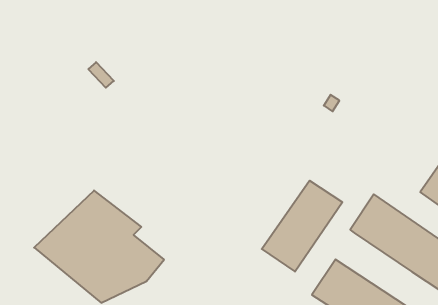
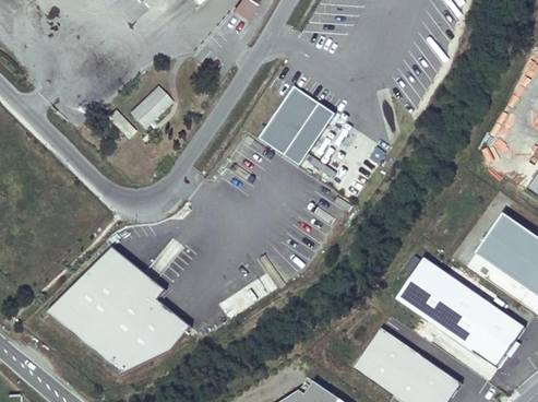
building: none -> [259,86,334,165]
building: none -> [130,87,171,128]
building: [262,181,342,272] -> none

